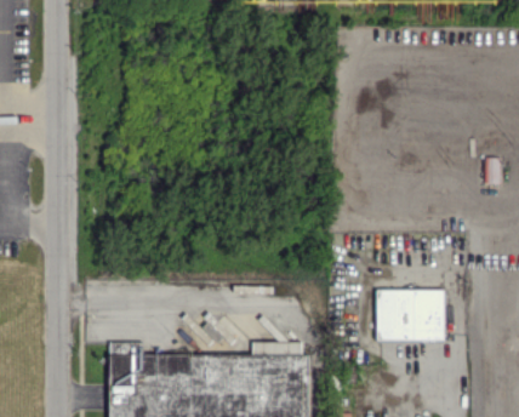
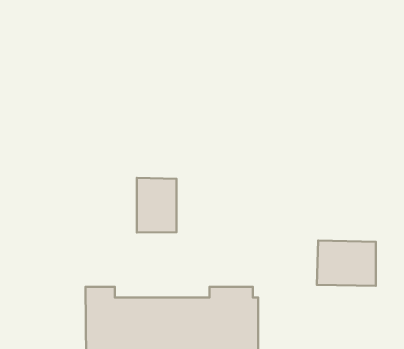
building: none -> [137,178,176,232]

